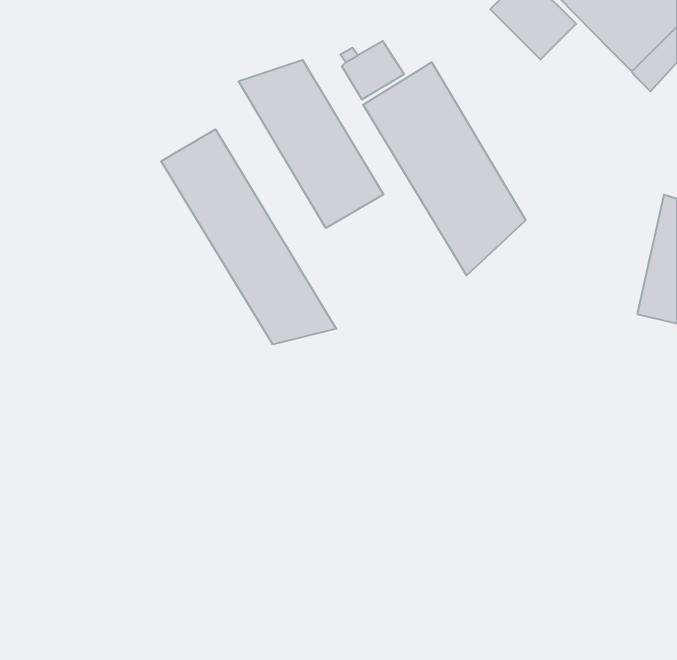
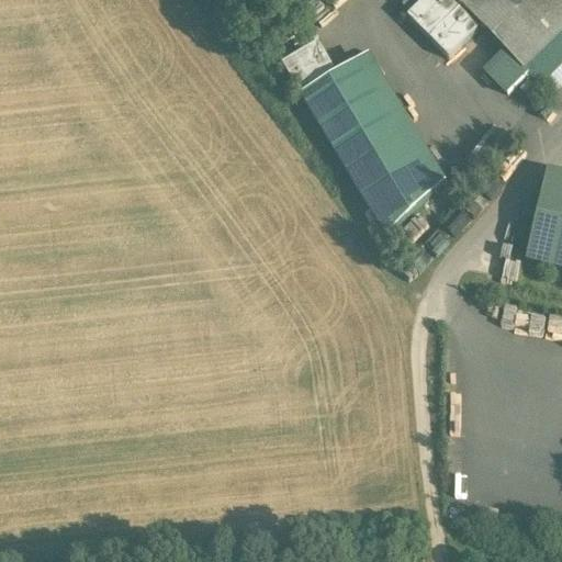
building: none -> [483,41,526,83]
building: [239,60,383,228] -> none
building: [161,129,336,344] -> none

